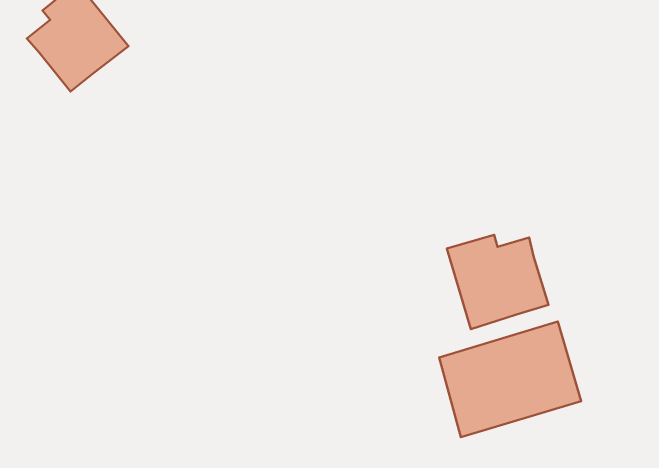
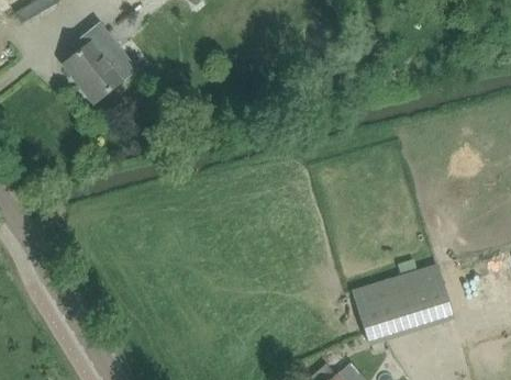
building: [447,235,548,329] -> none

